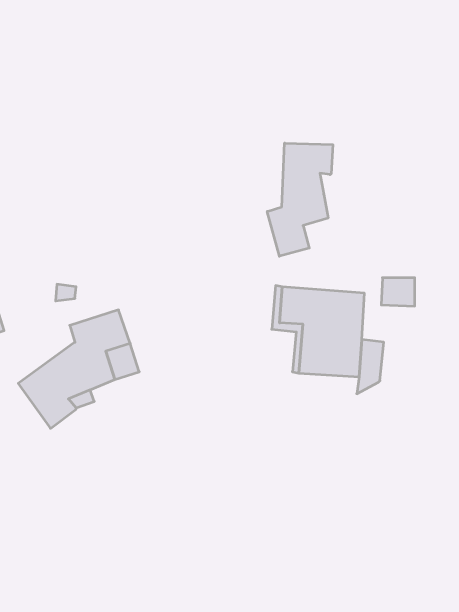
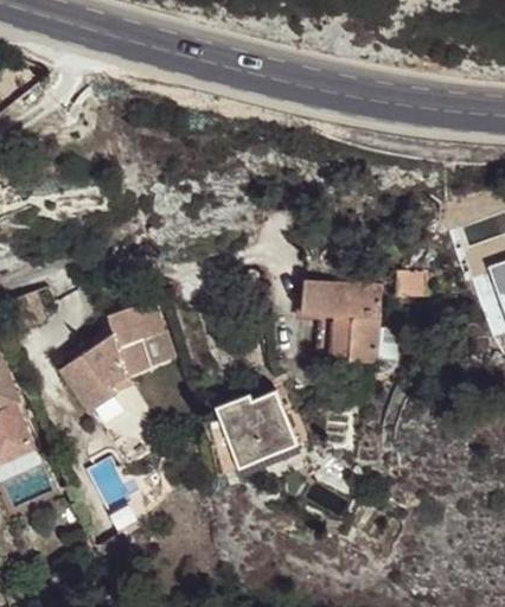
building: [267,143,333,256] -> none
building: none -> [212,391,303,469]

